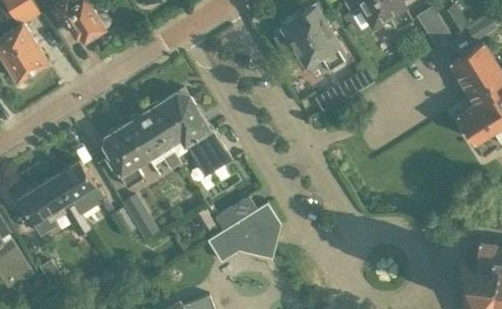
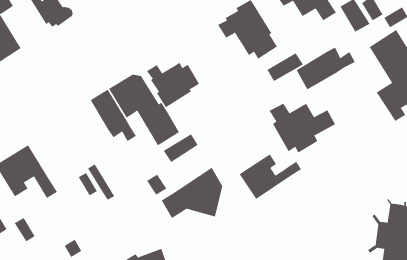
building: none -> [296,47,356,90]
building: none -> [146,62,200,108]
building: [99,122,148,194] -> none
building: none -> [269,103,336,154]
building: [56,160,111,215] -> none
building: none -> [239,154,302,200]
building: [215,196,256,230] -> [163,134,198,163]

